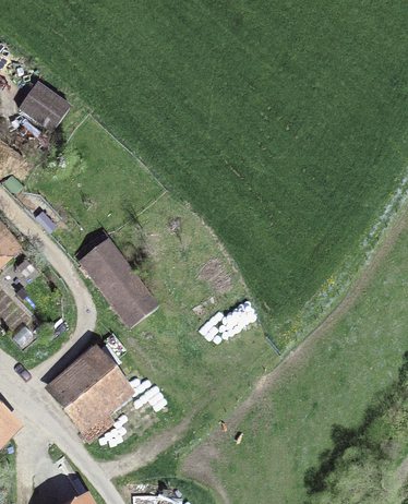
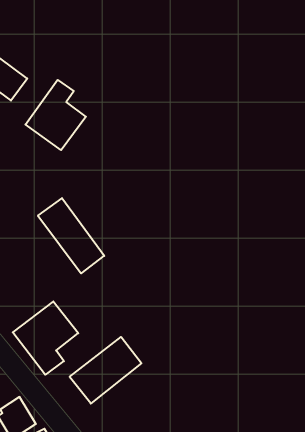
building: none -> [25,80,86,150]
building: none -> [70,337,141,404]

